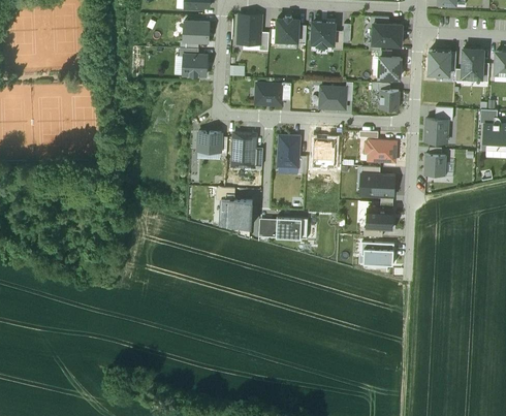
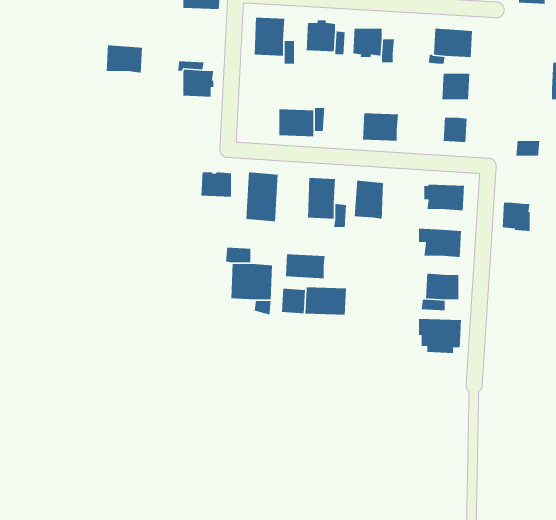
building: [183,21,211,42] -> [106,45,143,73]
building: [428,50,451,75] -> none
building: [425,119,448,142] -> none
building: none -> [285,253,326,279]

